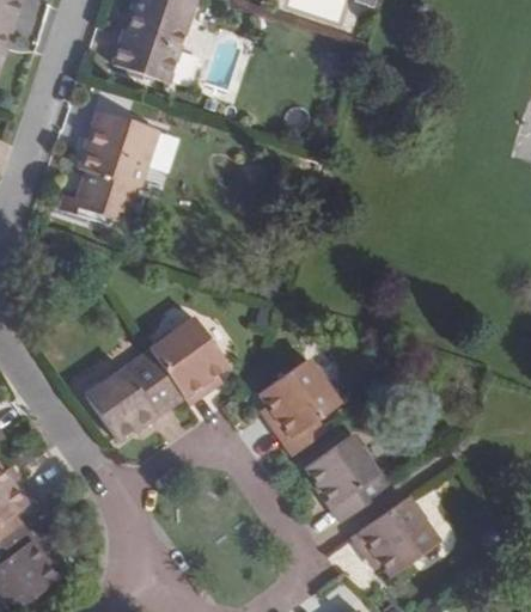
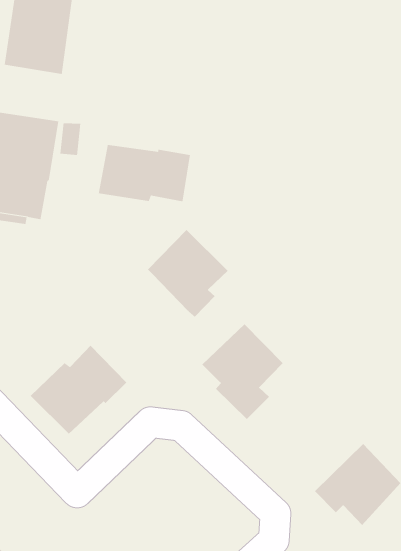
building: none -> [98,144,190,202]
building: [149,317,230,405] -> [147,229,228,318]
building: [305,434,401,519] -> none

